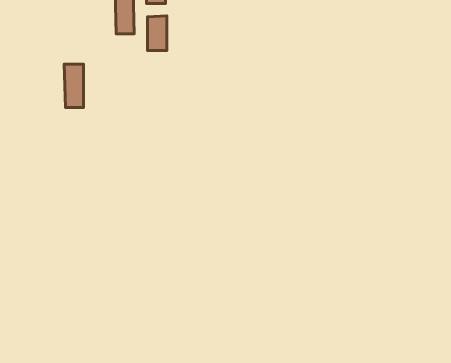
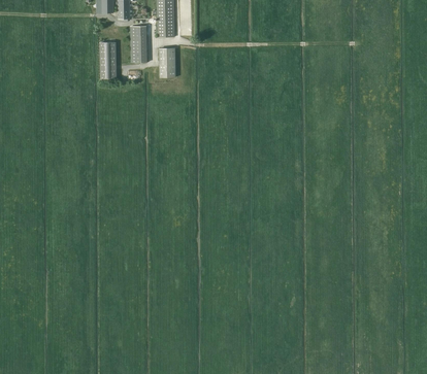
building: [64,64,83,108] -> [100,41,117,78]

